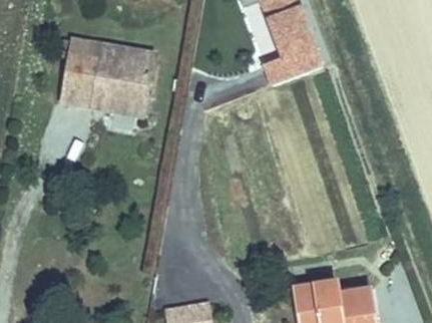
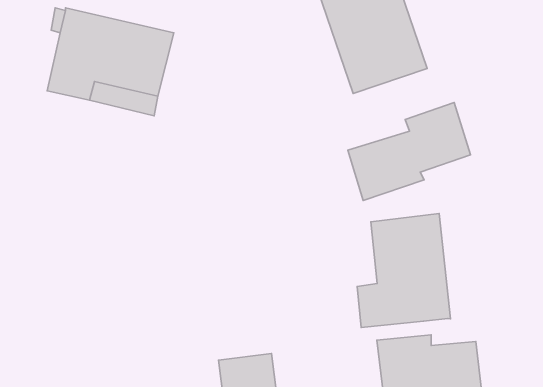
building: none -> [348,102,470,200]
building: none -> [357,214,451,328]

